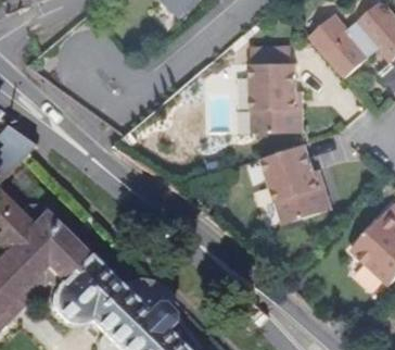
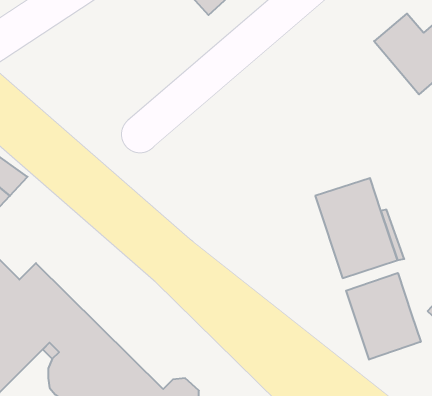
building: [252,61,298,132] -> none
building: none -> [346,273,421,360]

